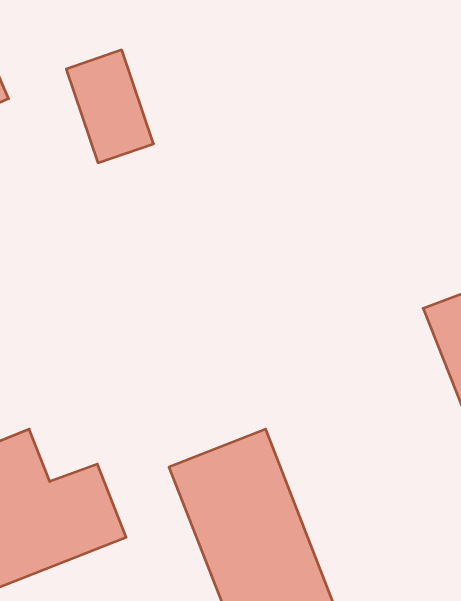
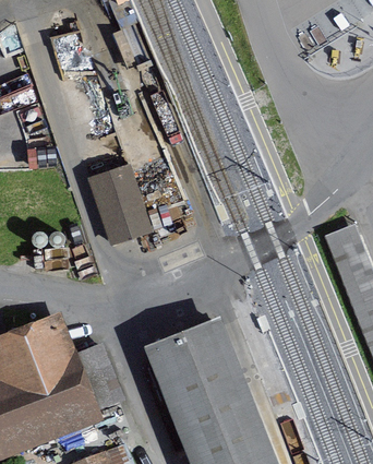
building: [66,50,154,163] -> [89,166,149,243]

